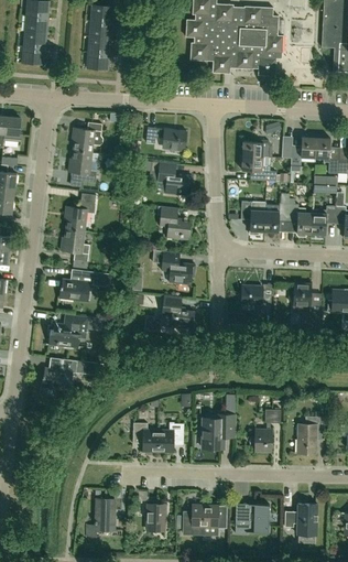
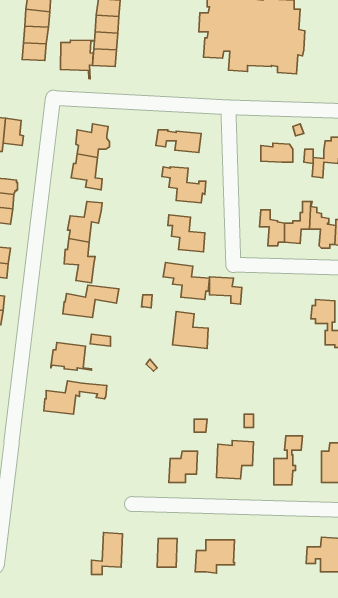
building: none -> [61,40,94,79]
building: [241,155,276,181] -> none
building: [241,285,271,311] -> [210,277,242,304]
building: [133,422,159,452] -> none
building: [235,502,269,531] -> none

